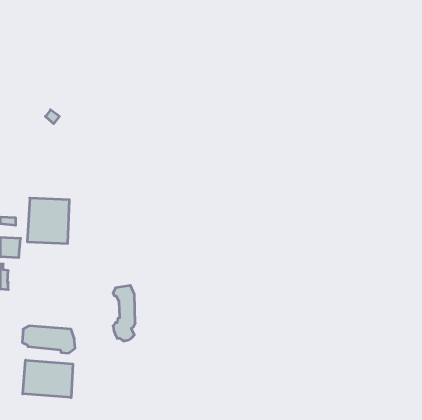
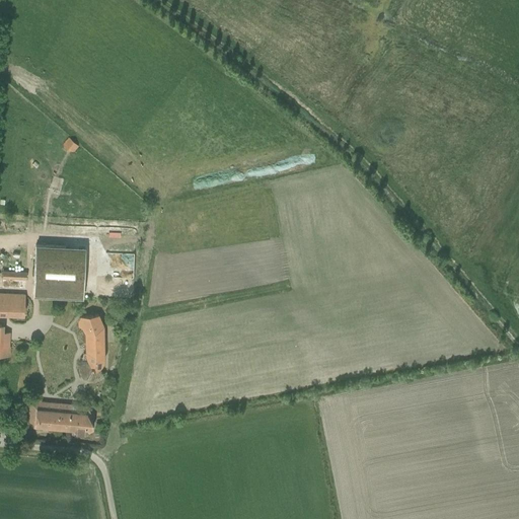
building: [113,285,135,341] -> [77,315,104,383]
building: [23,360,73,398] -> none

